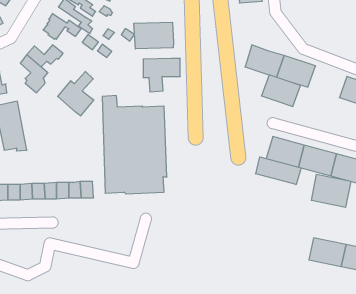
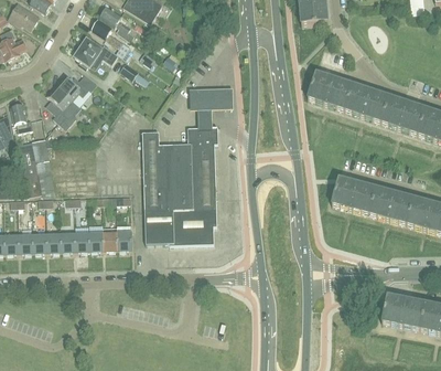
building: [134,22,174,49] -> none
building: [58,71,94,116] -> none
building: [261,75,301,106] -> [380,96,426,132]
building: none -> [187,125,218,144]
building: [256,157,301,185] -> none
building: [311,174,351,207] -> none

